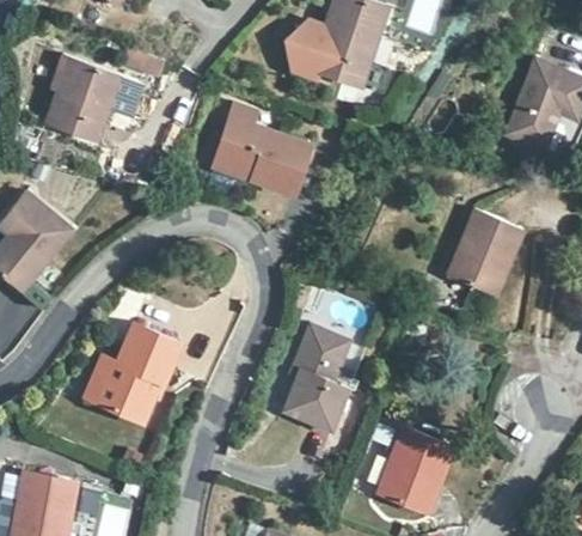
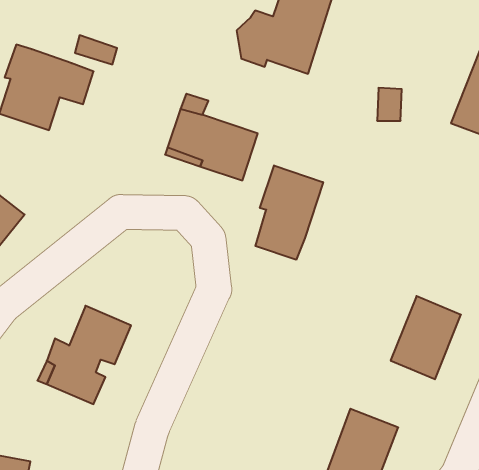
building: none -> [255,165,323,260]
building: [449,209,521,294] -> [391,296,461,379]
building: [283,324,350,430] -> none

